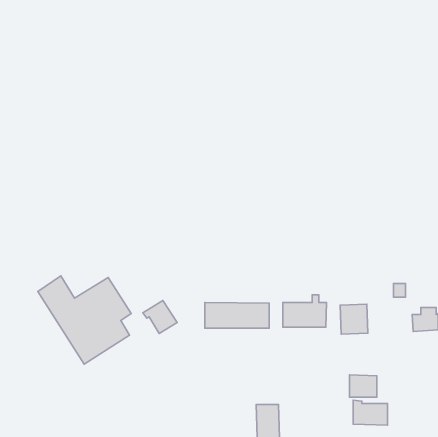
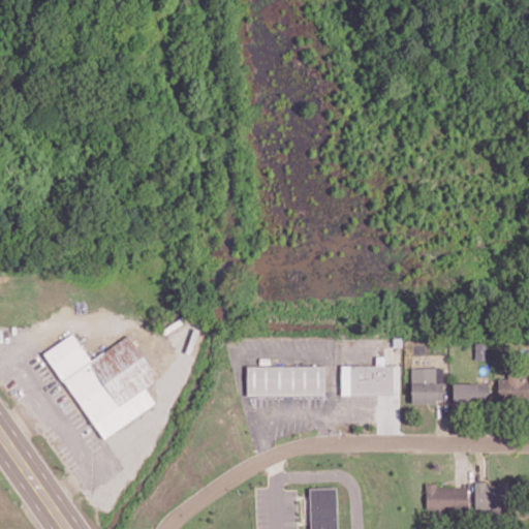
building: [143,301,177,334] -> none
building: none -> [453,383,488,405]
building: [349,375,377,397] -> [474,484,507,510]

